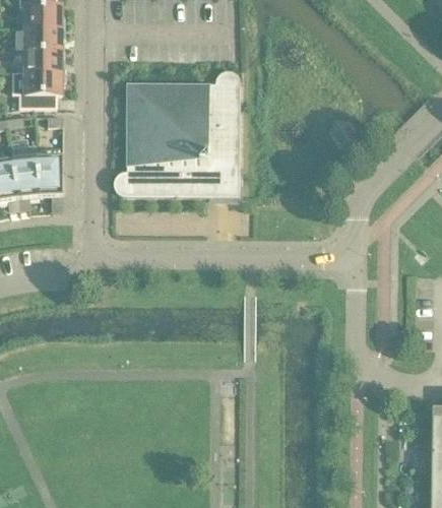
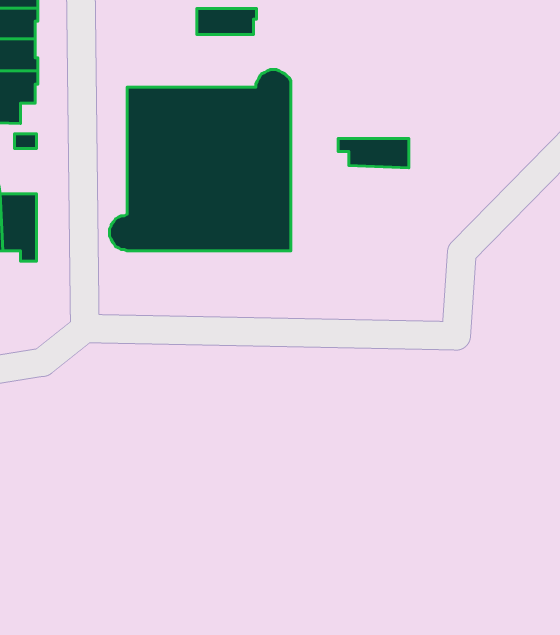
building: none -> [197,8,256,34]
building: none -> [338,139,409,168]

